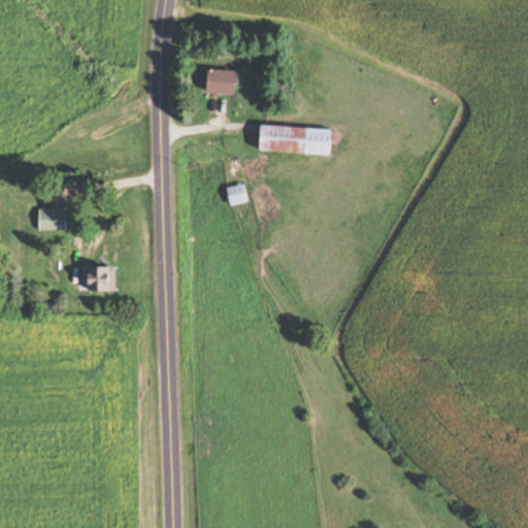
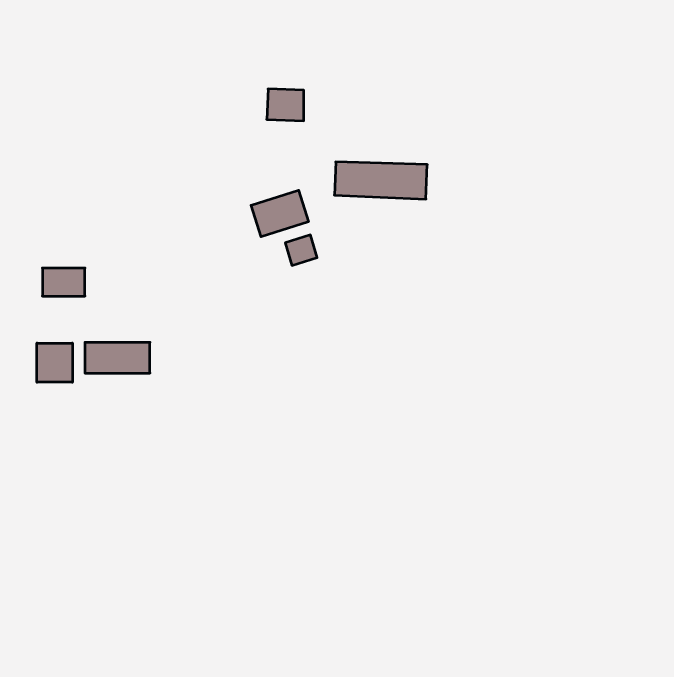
building: none -> [251,190,308,237]
building: none -> [37,343,72,382]

